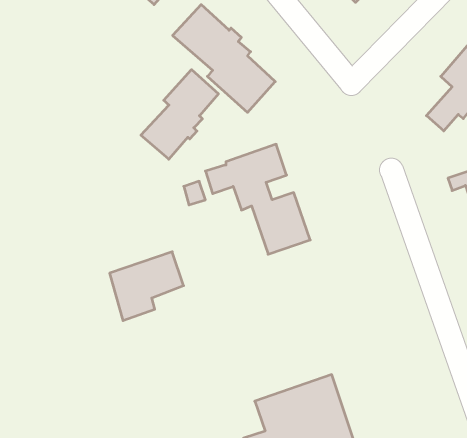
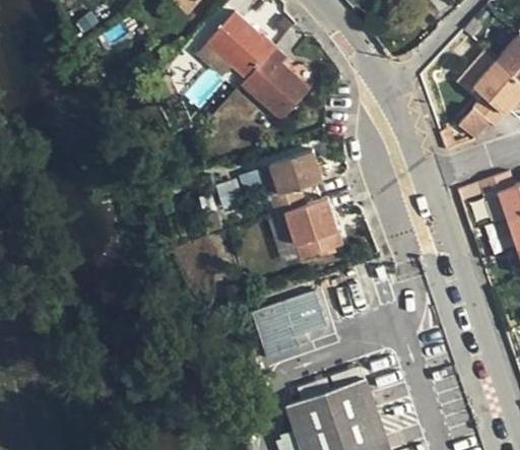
building: [141,70,218,159] -> none
building: [110,252,184,321] -> [251,293,324,361]

